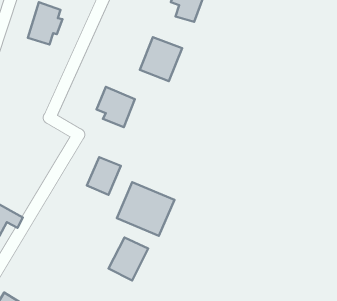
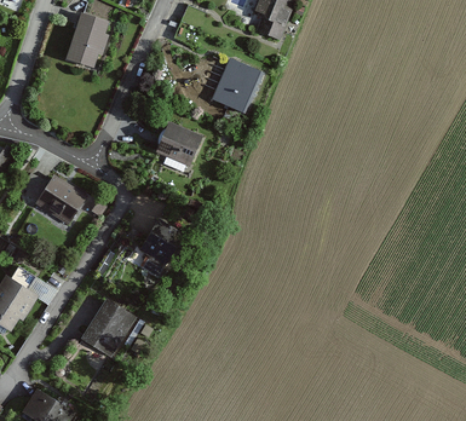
building: none -> [35,173,88,224]
building: [117,182,174,236] -> none
building: [109,237,148,281] -> [84,299,134,354]

